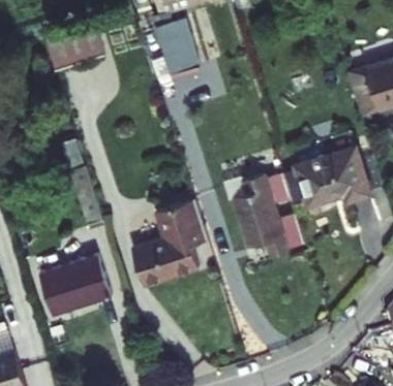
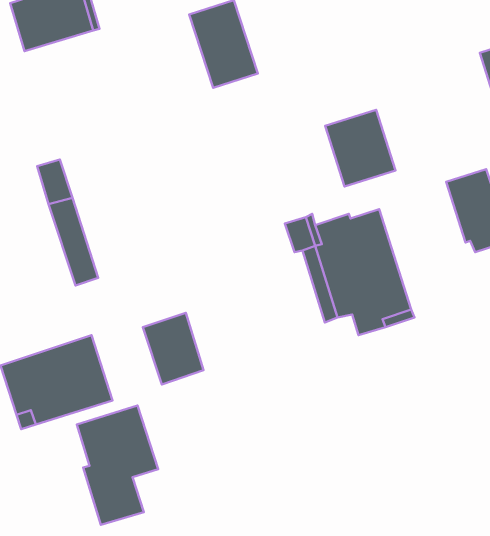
building: [294,156,339,205] -> [325,110,395,186]
building: [154,200,207,278] -> [77,405,158,525]

